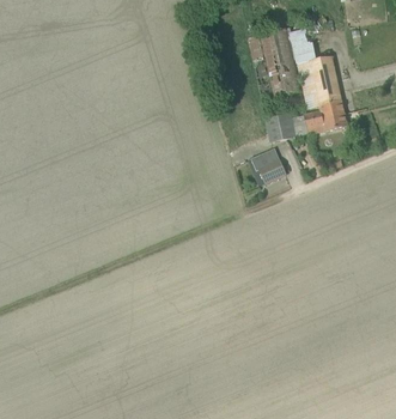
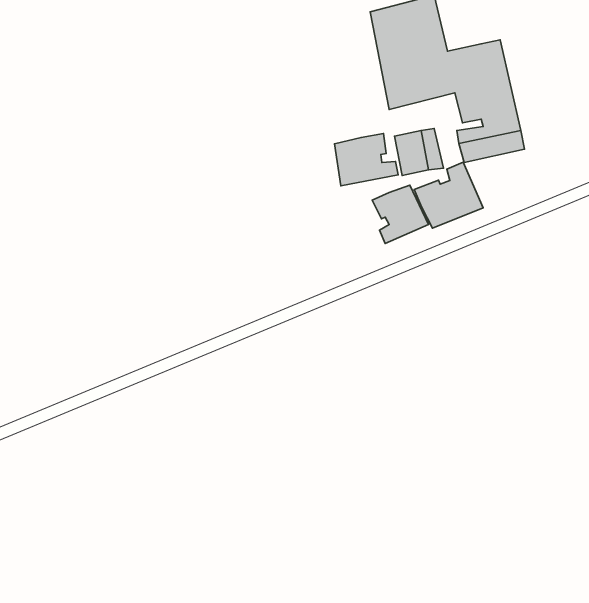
building: none -> [335,133,398,186]
building: none -> [414,162,483,228]

